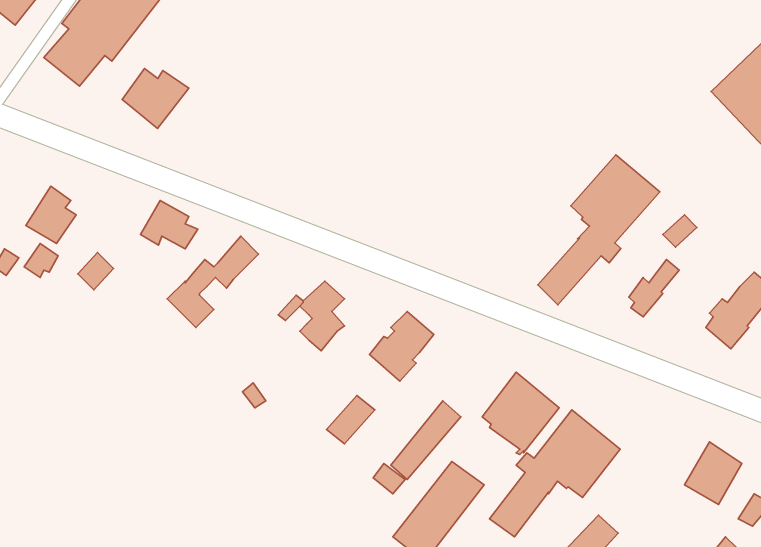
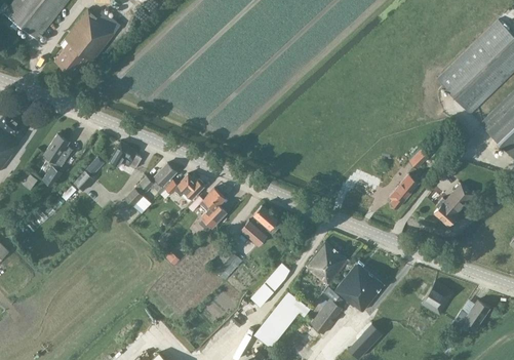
building: [122,69,189,129] -> none
building: [538,155,660,305] -> none
building: none -> [165,174,204,201]

